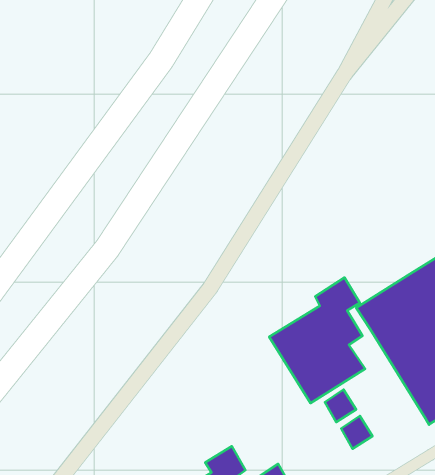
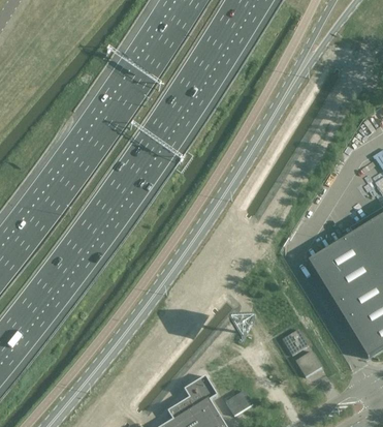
building: [269,278,365,403] -> none

